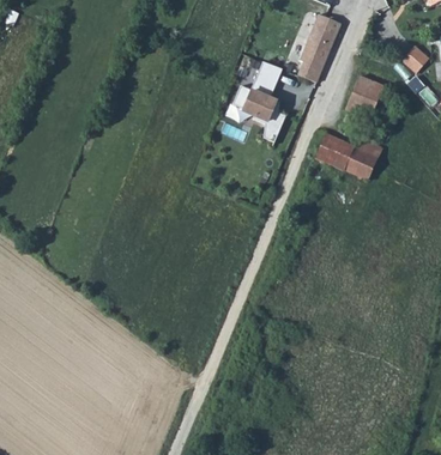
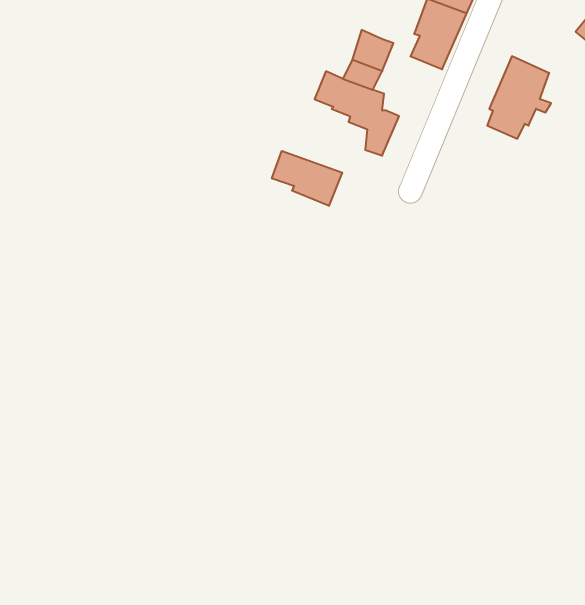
building: [316,132,385,178] -> none
building: none -> [272,151,342,206]

